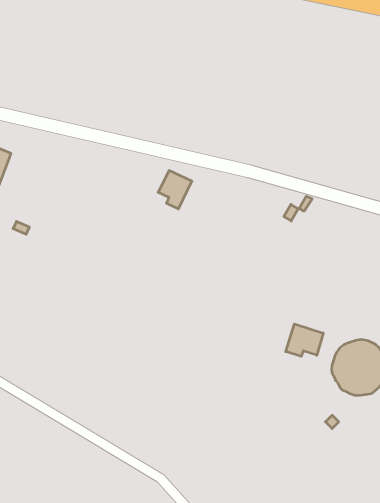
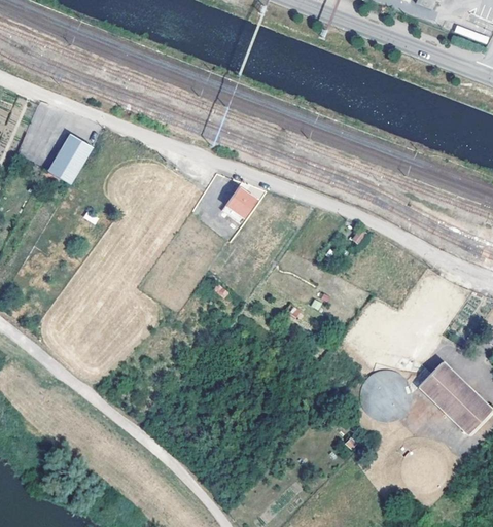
building: [286,324,323,356] -> none

